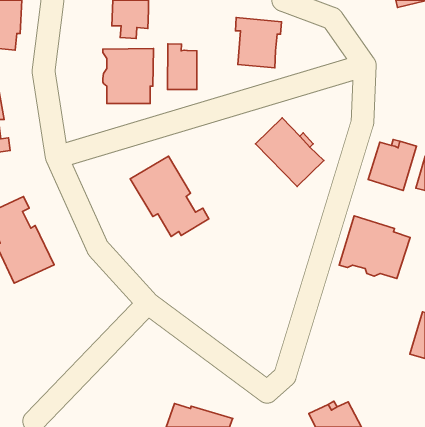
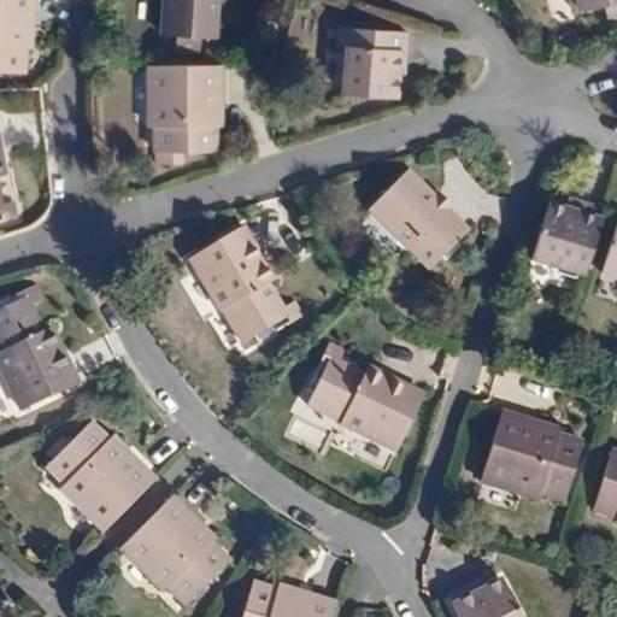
building: [167,44,197,90] -> none
building: [339,216,410,279] -> [480,411,582,501]
building: none -> [306,345,422,451]
building: none -> [46,419,154,530]
building: none -> [122,498,230,604]

